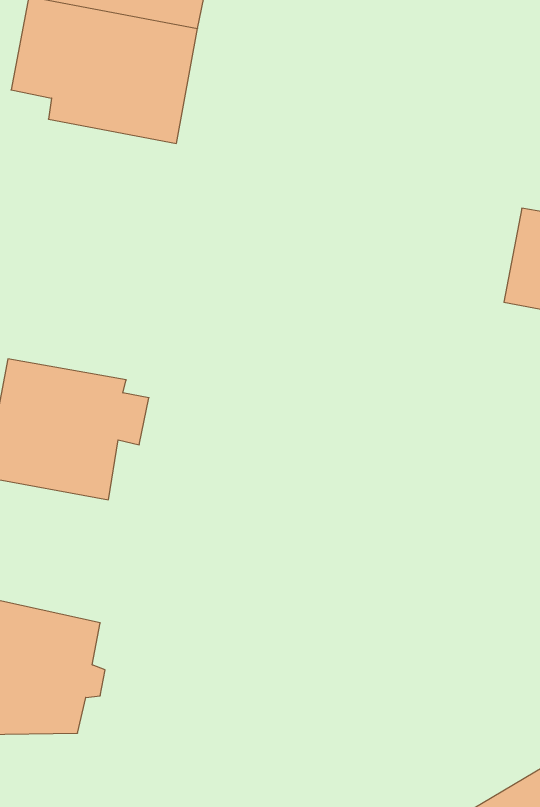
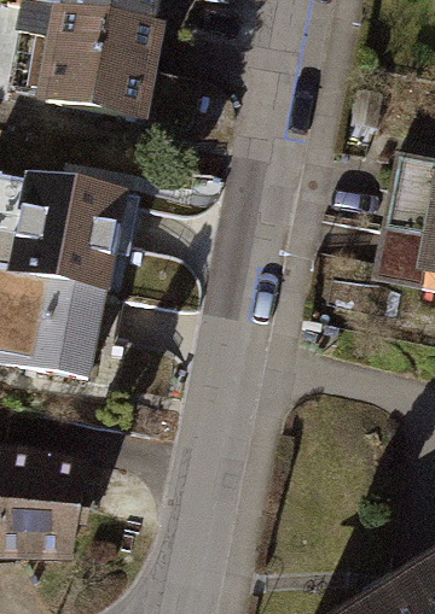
building: none -> [10,182,129,288]

